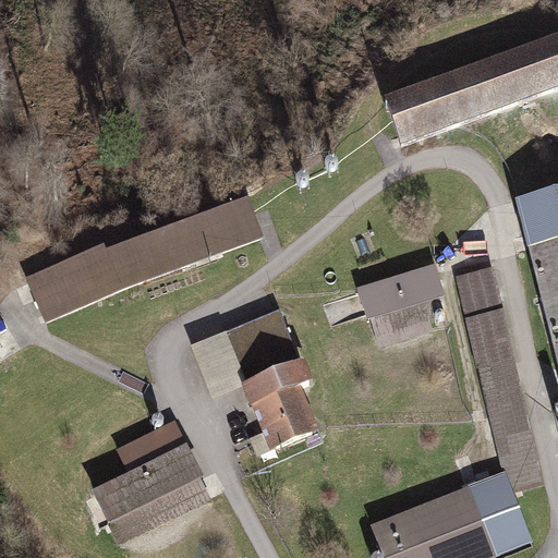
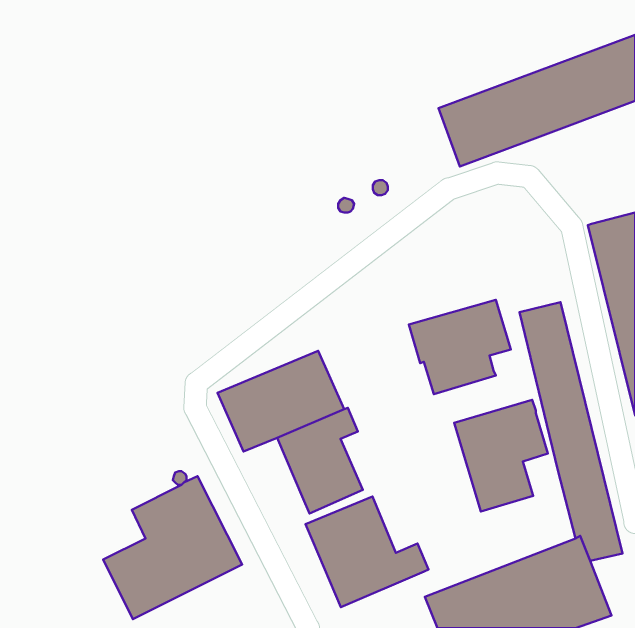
building: [25,192,264,320] -> none
building: none -> [454,400,548,512]
building: none -> [305,496,429,607]

